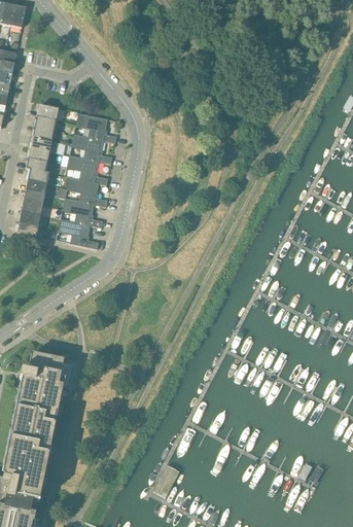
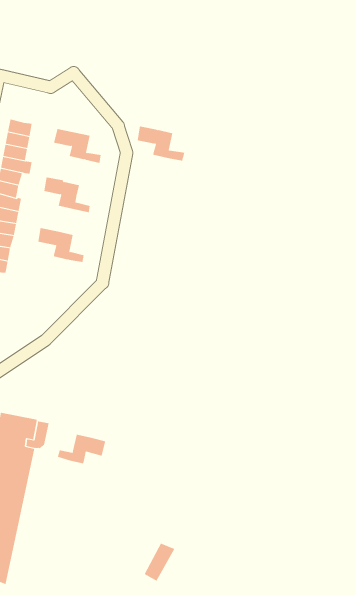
building: [71,133,112,163] -> [137,126,185,161]
building: [66,176,107,206] -> none
building: [58,217,99,248] -> none
building: none -> [57,434,106,464]

